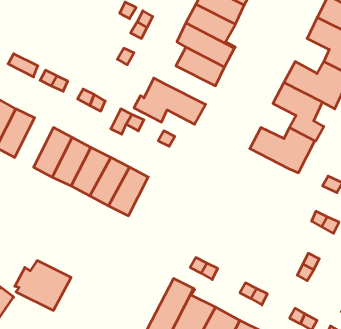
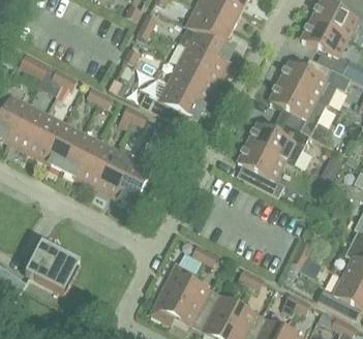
building: none -> [169,65,215,101]
building: none -> [27,114,63,160]
building: none -> [237,143,283,181]

